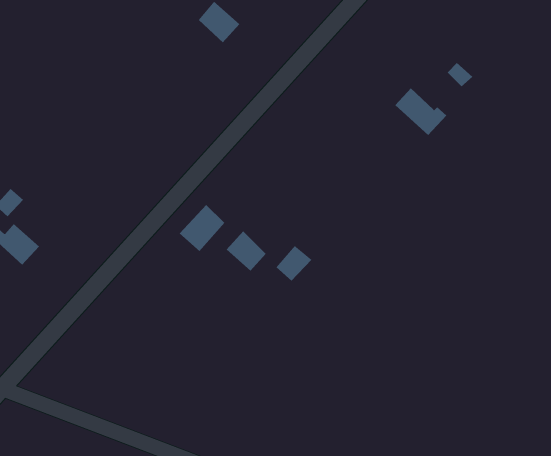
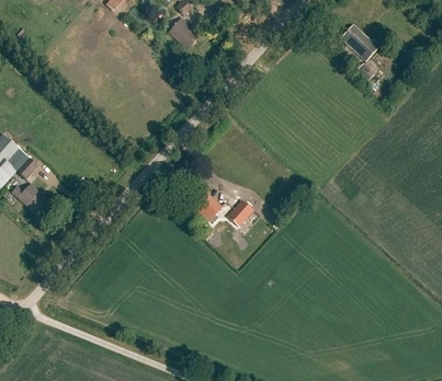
building: [395,88,447,136] -> [341,24,381,60]
building: [179,204,225,252] -> none

